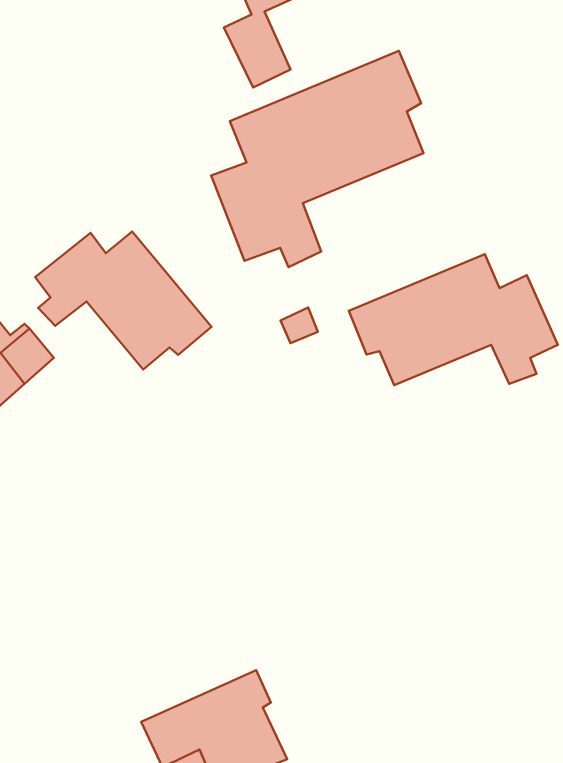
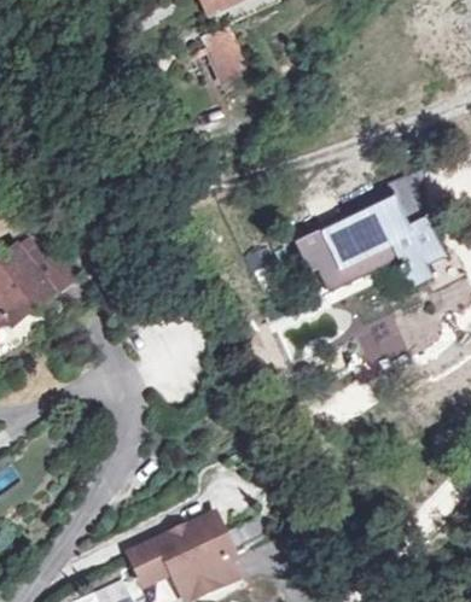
building: [211,51,424,267] -> none
building: [35,232,212,369] -> none

